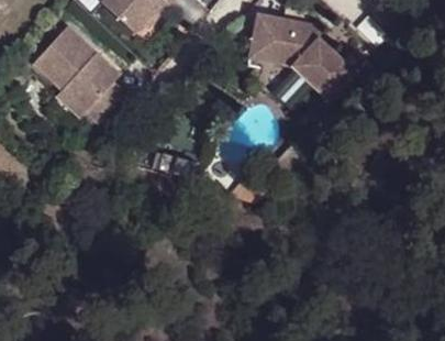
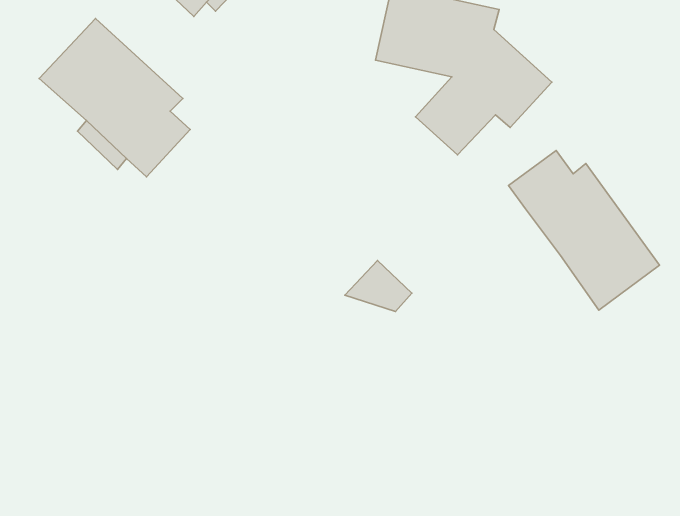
building: none -> [509,151,660,310]

